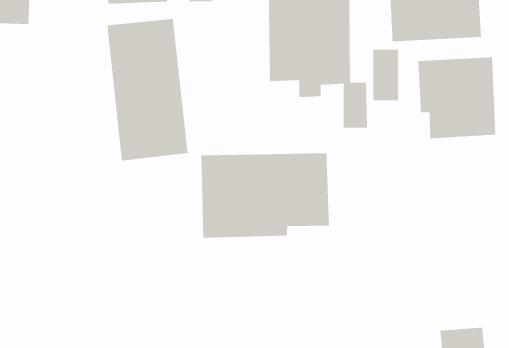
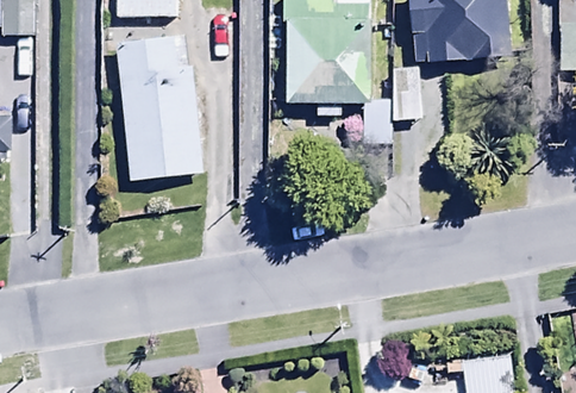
building: [417,57,496,139] -> none
building: [201,152,330,238] -> none

